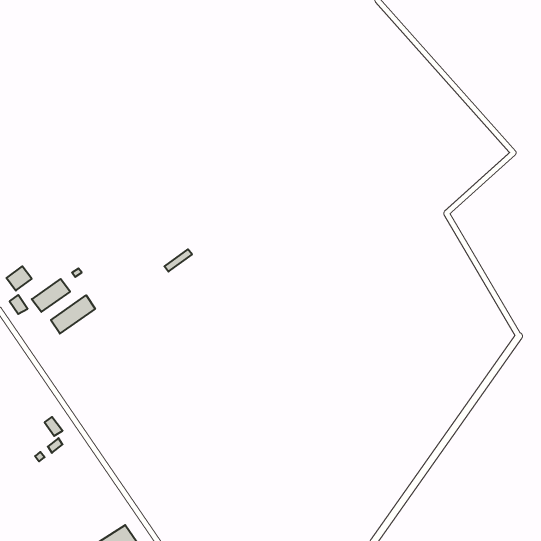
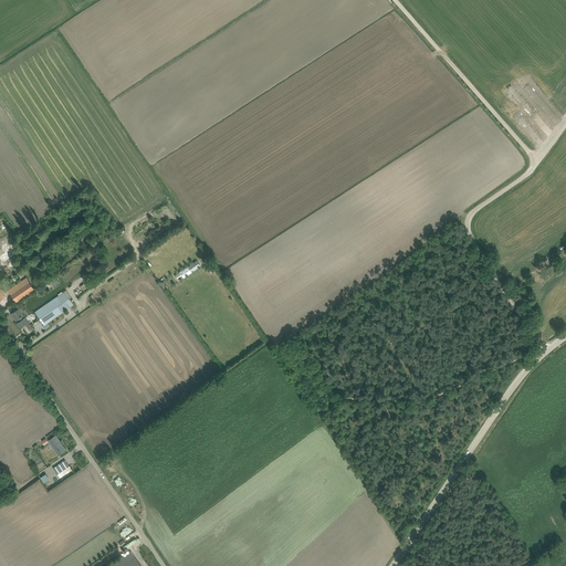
building: [51,295,95,334] -> none

